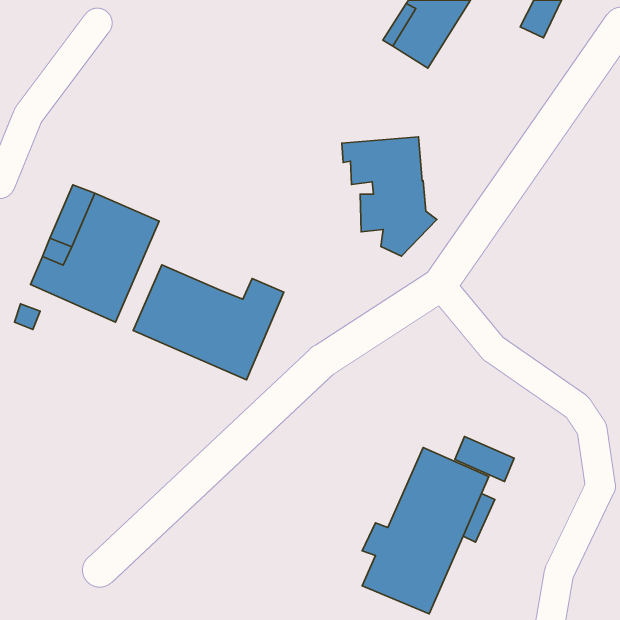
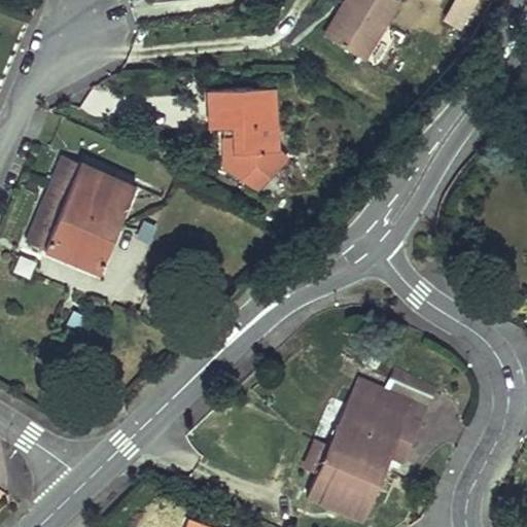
building: [342,137,437,256] -> [208,87,288,188]
building: [133,265,284,380] -> none

